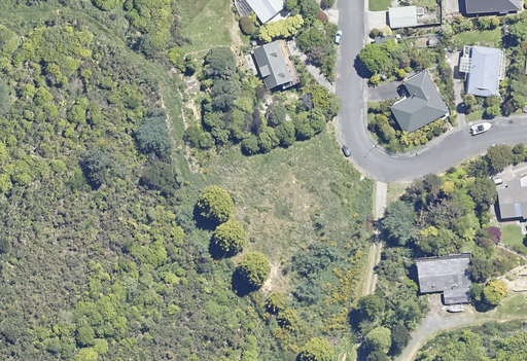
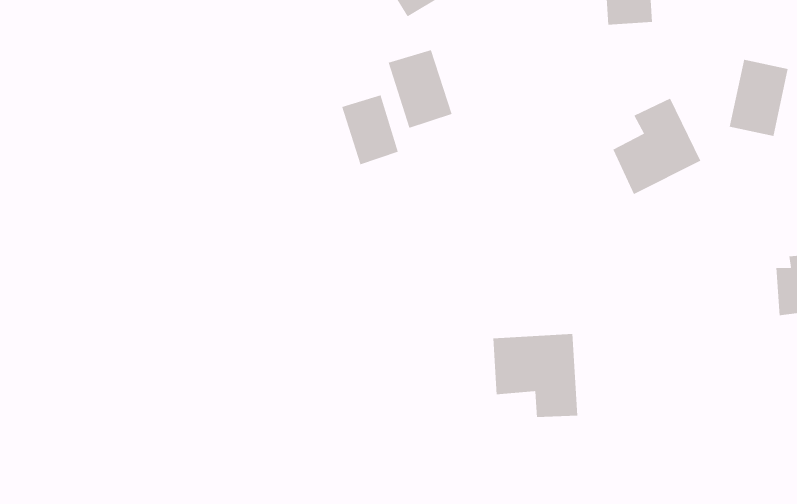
building: none -> [341,95,399,165]
building: [413,245,467,298] -> [493,333,578,417]

